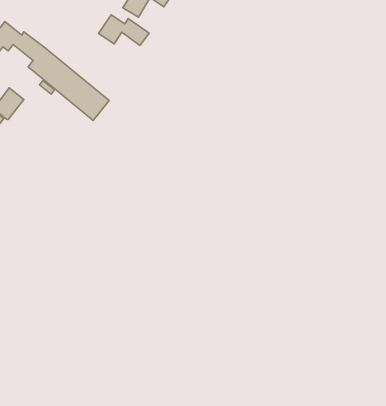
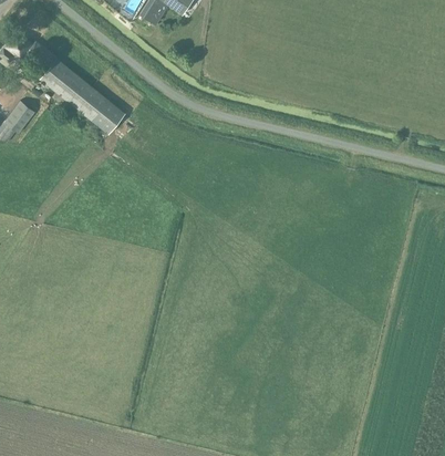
building: [99,15,149,46] -> none

